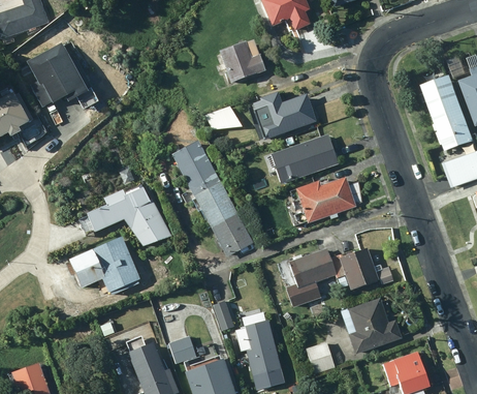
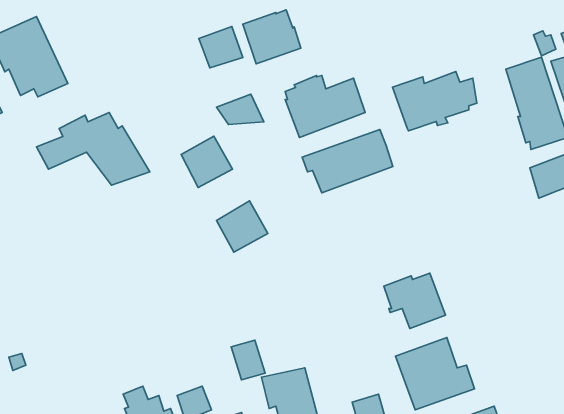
building: none -> [199,26,243,68]
building: [185,164,225,205] -> none
building: [295,176,361,222] -> [393,72,477,131]
building: [80,188,168,245] -> [37,113,150,185]
building: [213,215,253,255] -> none
building: [68,237,139,295] -> none
building: [285,246,337,307] -> none

